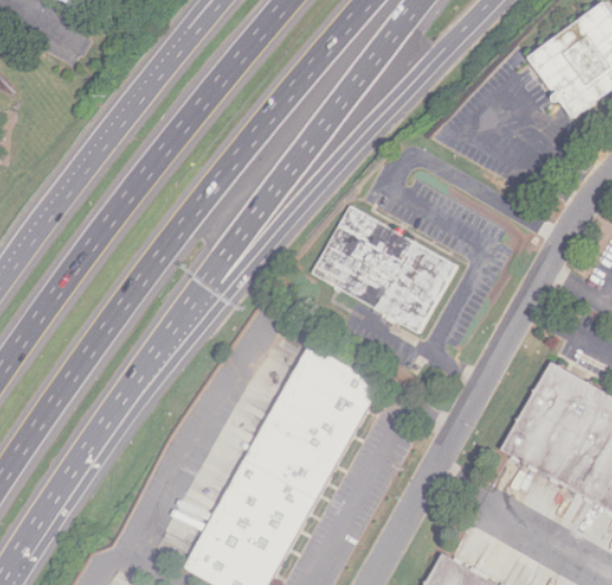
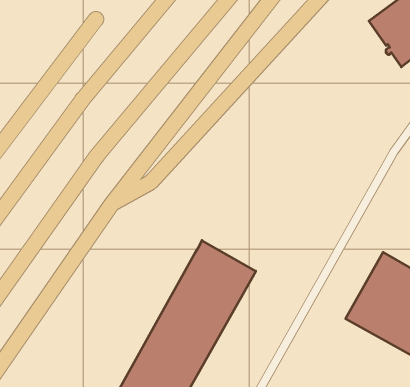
building: [311,207,454,334] -> none

